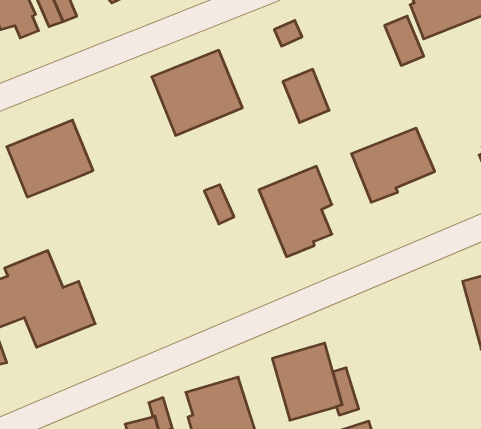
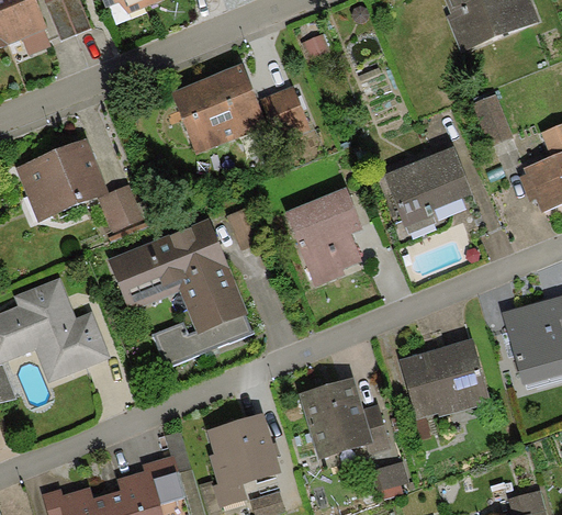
building: [385,16,424,65] -> [471,93,513,146]
building: [283,69,329,123] -> [260,85,310,142]
building: none -> [98,183,144,233]
building: none -> [108,219,254,366]
building: none -> [400,339,491,419]

